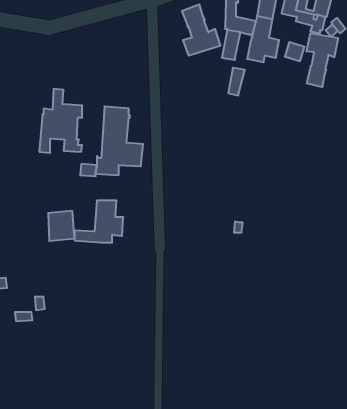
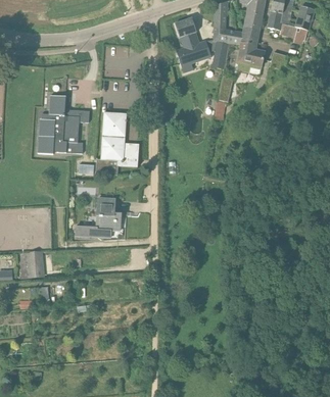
building: [306,33,338,87] -> none
building: [48,211,75,241] -> [19,249,44,277]

